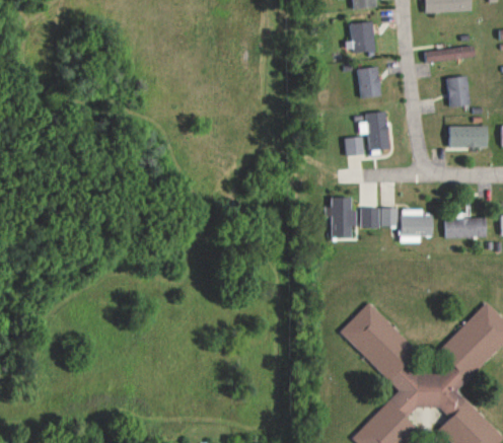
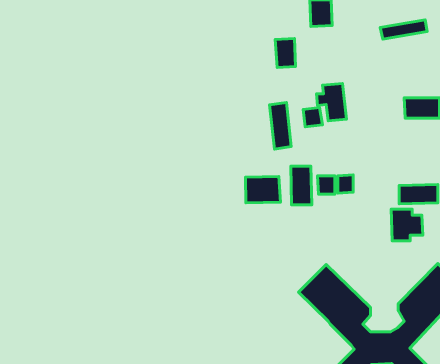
building: [358,68,379,98] -> [275,39,295,67]
building: [448,77,469,107] -> none
building: none -> [270,102,291,149]
building: none -> [245,176,280,203]
building: [400,210,433,243] -> [391,209,423,241]

